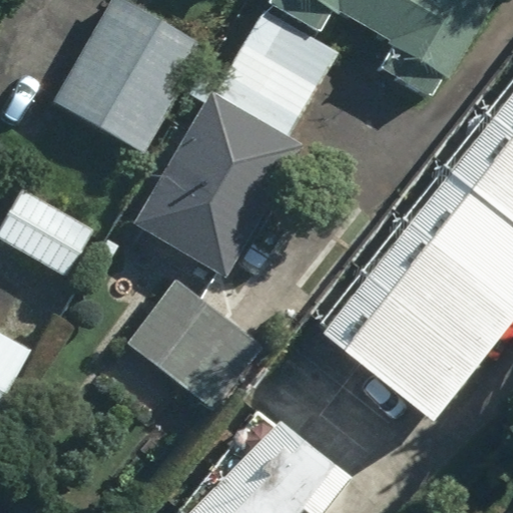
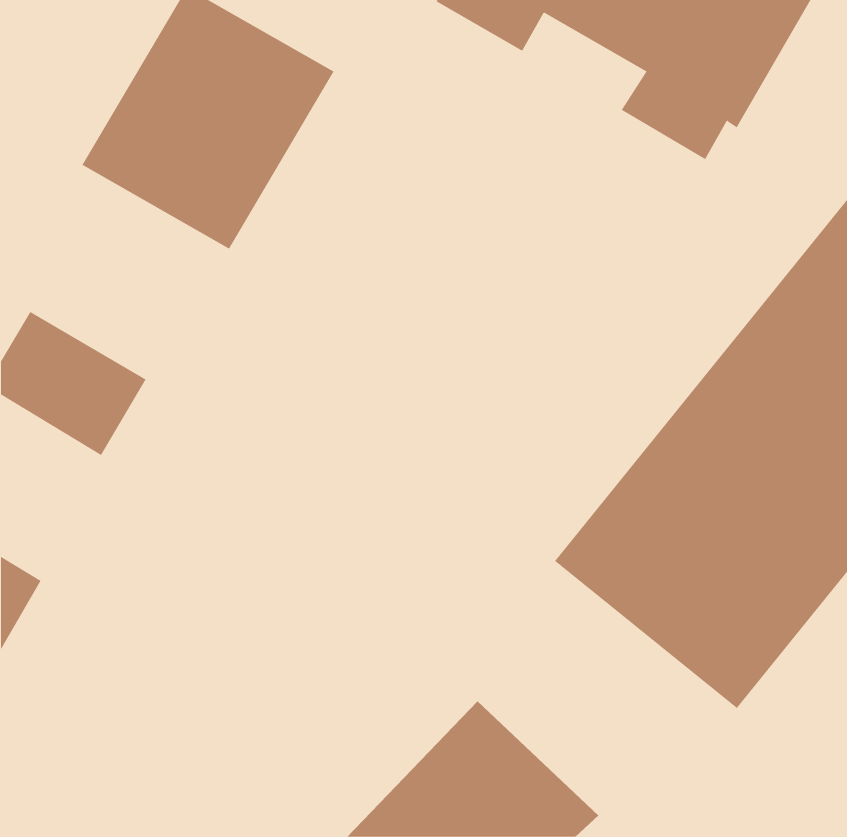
building: [219,8,336,122] -> none
building: [128,90,300,277] -> none
building: [125,277,262,407] -> none

